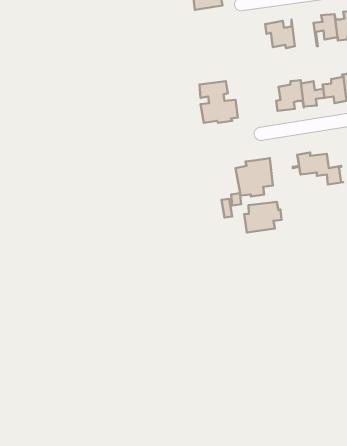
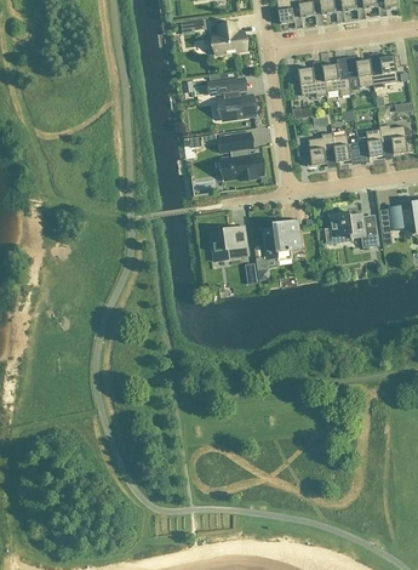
building: none -> [322,62,350,95]
building: none -> [210,79,254,118]
building: none -> [211,226,246,260]
building: [244,202,282,233] -> none

